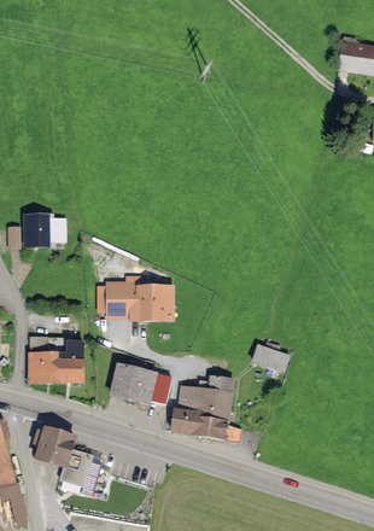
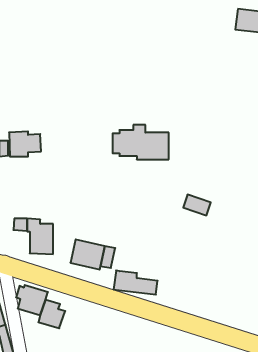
building: [97,273,175,321] -> [113,125,169,159]
building: [251,345,290,374] -> [183,195,211,215]
building: [29,350,52,383] -> none
building: [177,375,235,421] -> none

